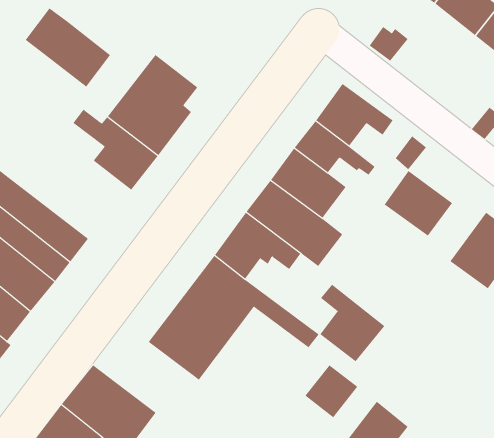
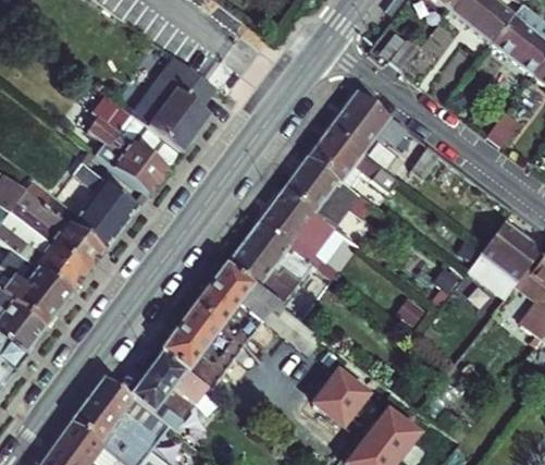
building: [25,8,111,87] -> none
building: none -> [20,162,134,248]
building: [384,170,453,236] -> none
building: [320,284,385,362] -> none
building: none -> [128,353,203,428]

